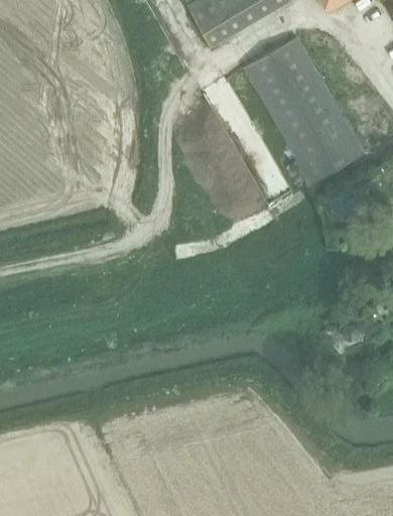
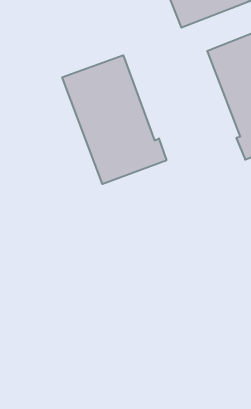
building: none -> [62,55,166,184]

